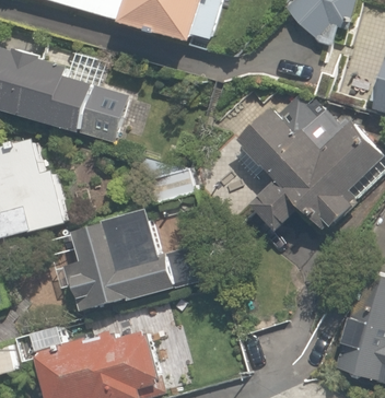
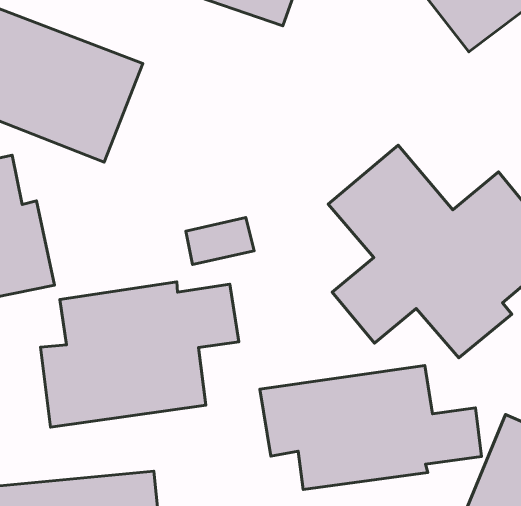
building: none -> [260,366,481,489]

